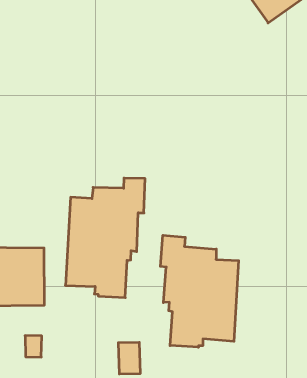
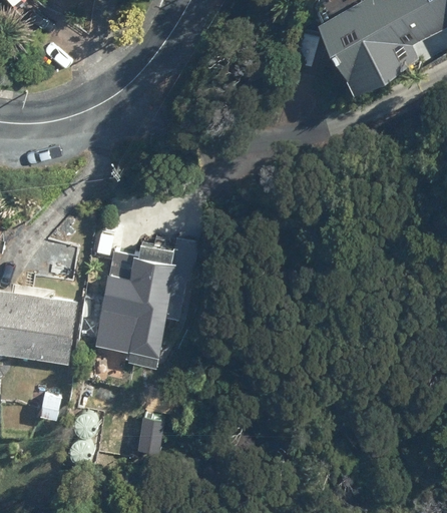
building: [160,235,239,347] -> none

